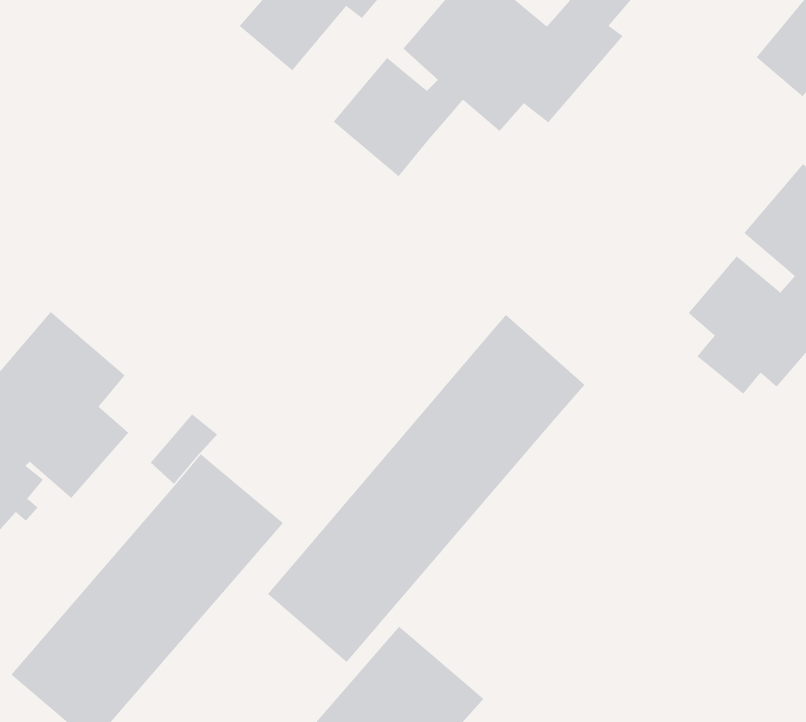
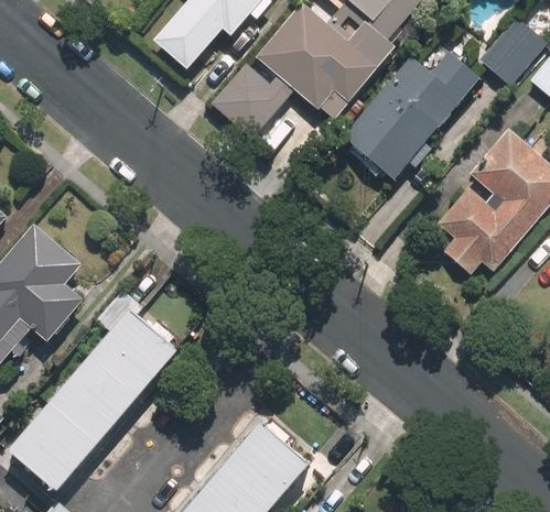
building: none -> [339,52,481,182]
building: [267,314,585,663] -> none

